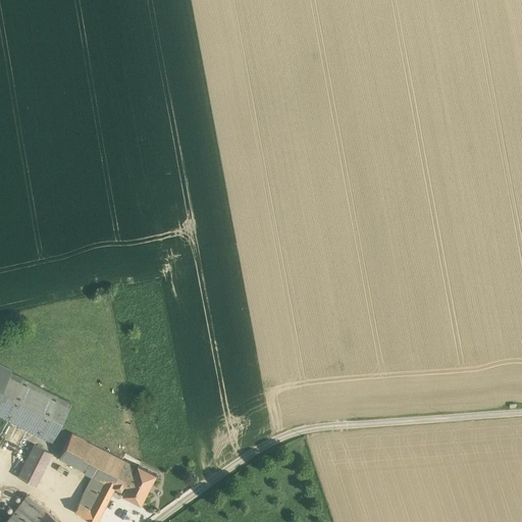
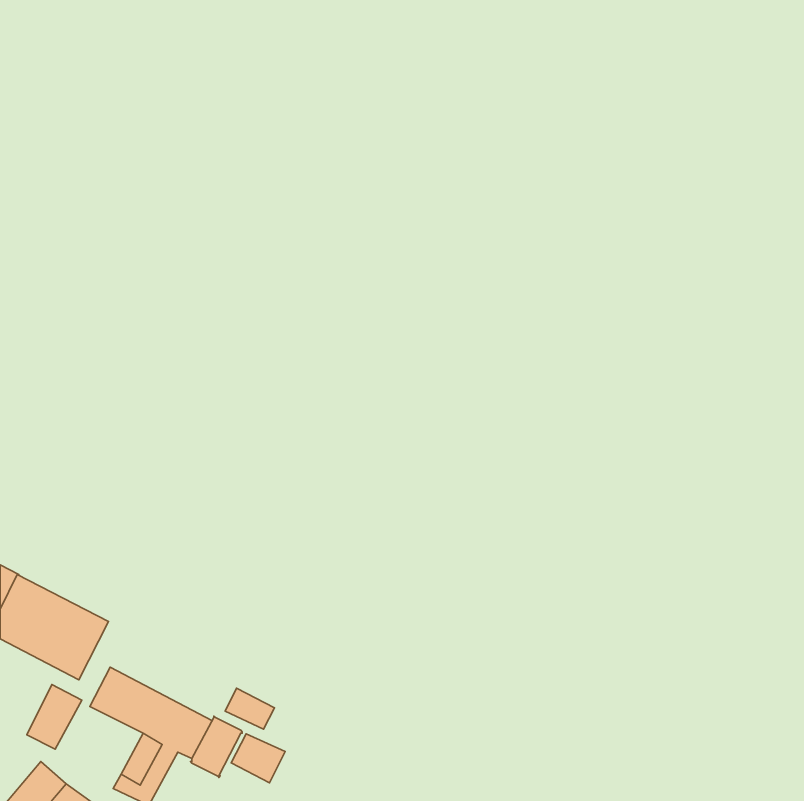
building: none -> [225,688,275,729]
building: none -> [231,734,285,783]

